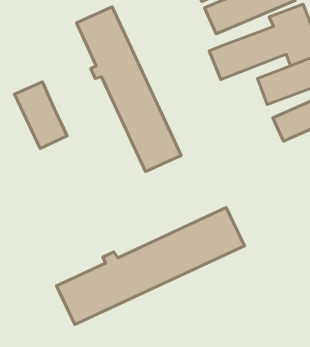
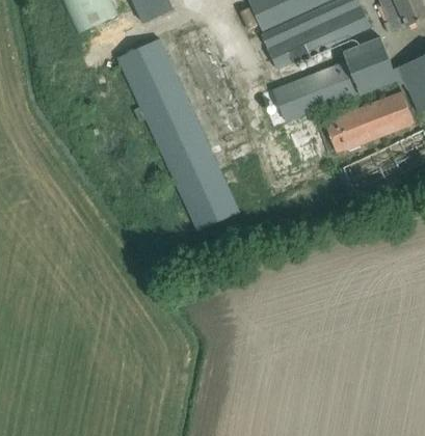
building: [15,82,67,148] -> none
building: [57,207,245,325] -> none

